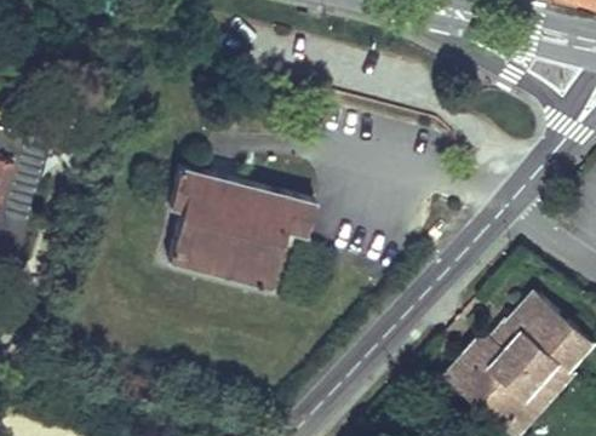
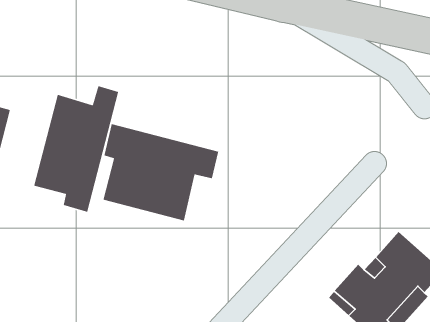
building: none -> [33,85,119,213]

